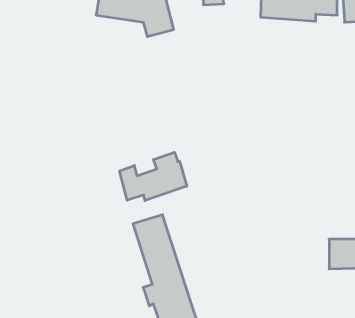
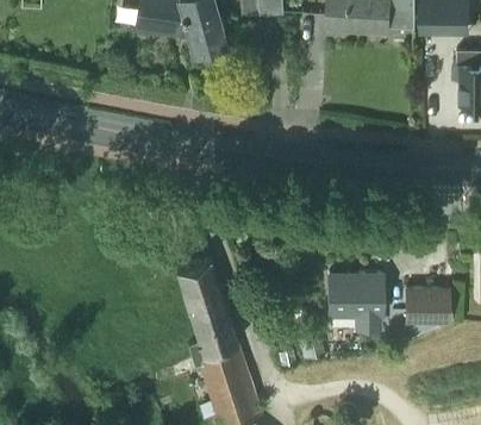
building: [120,152,187,201] -> none
building: none -> [329,276,382,329]

